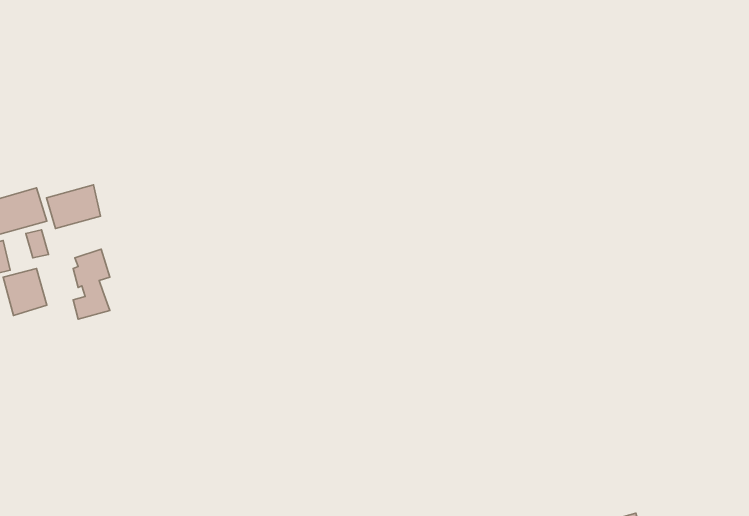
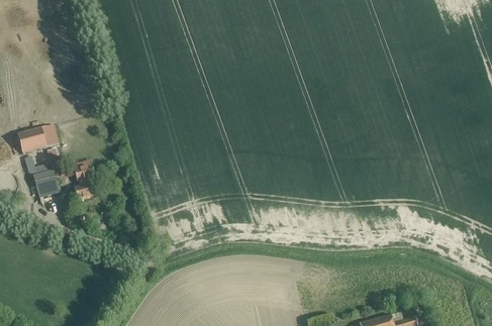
building: [47,185,100,228] -> none

